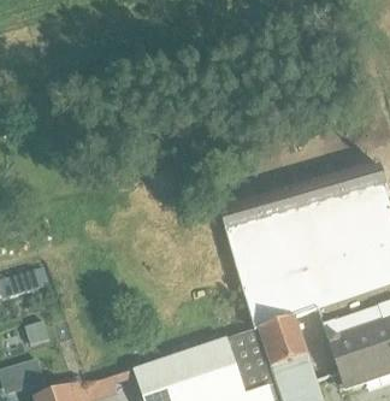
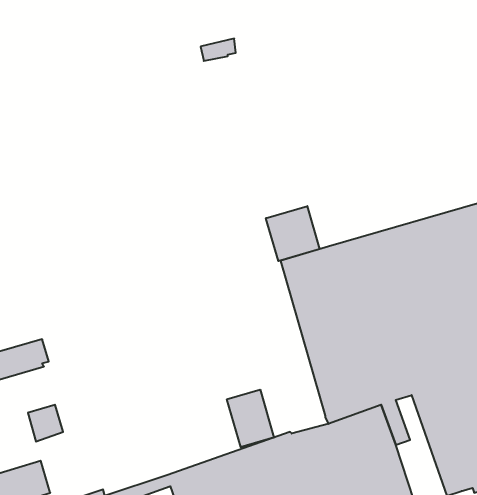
building: none -> [266,206,320,261]
building: none -> [227,390,274,447]

